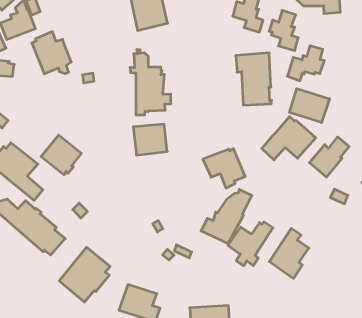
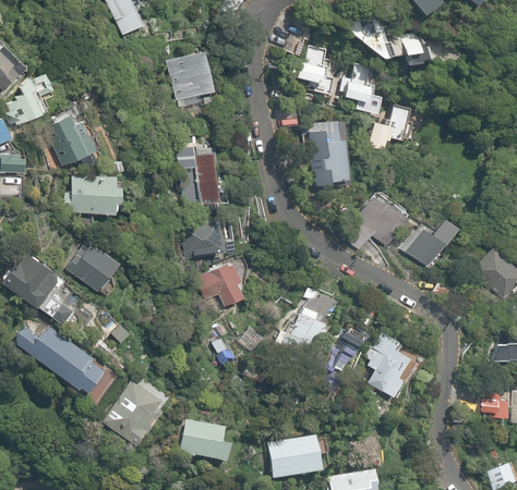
building: none -> [65,174,121,215]
building: [289,89,330,123] -> none
building: [203,149,245,188] -> [195,261,250,311]

